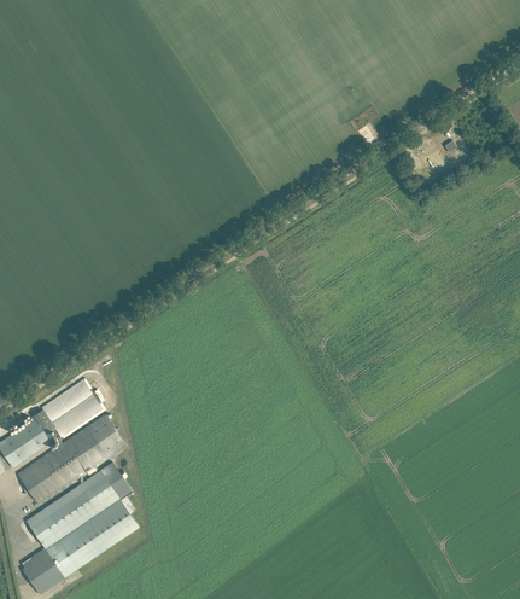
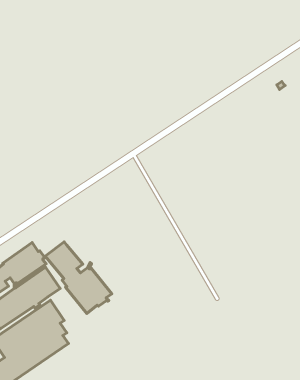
building: none -> [45,242,112,314]

